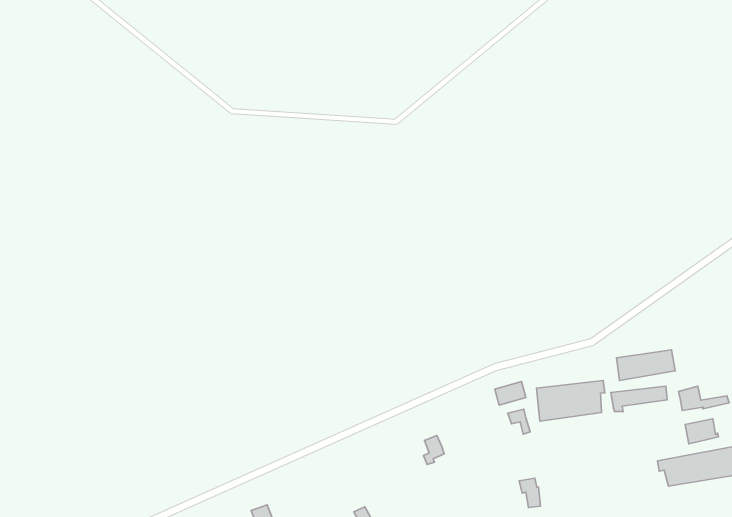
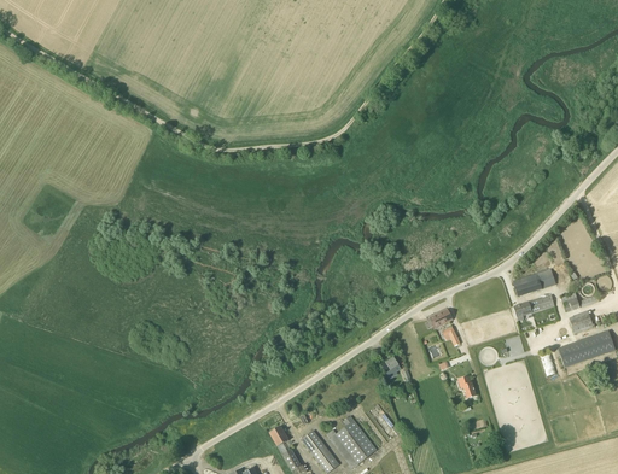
building: [536,380,605,421] -> none

